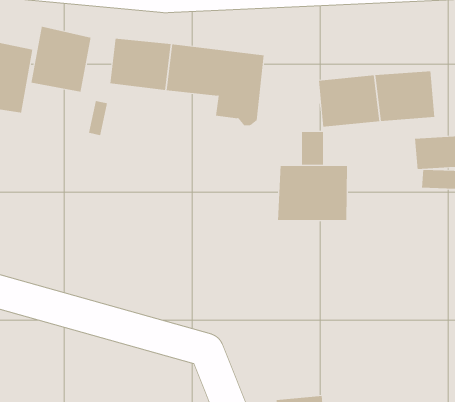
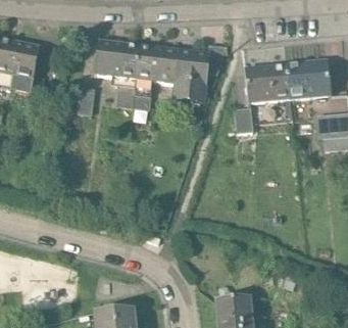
building: [31,26,91,93] -> none
building: none -> [116,78,148,105]
building: [278,165,347,221] -> none

